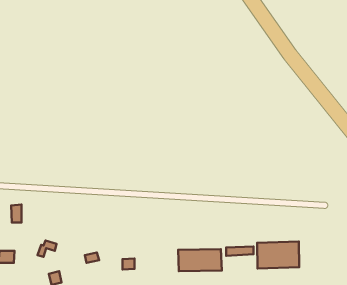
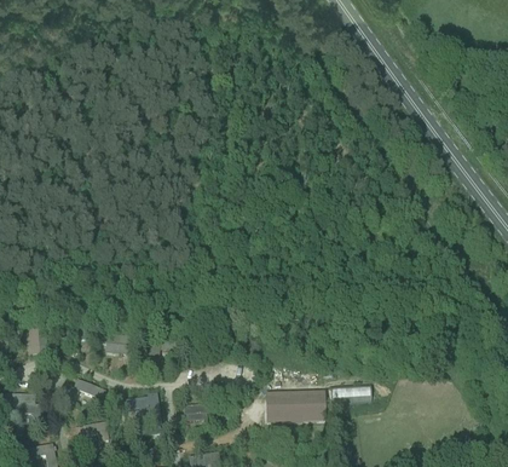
building: [257,242,299,269] -> none

